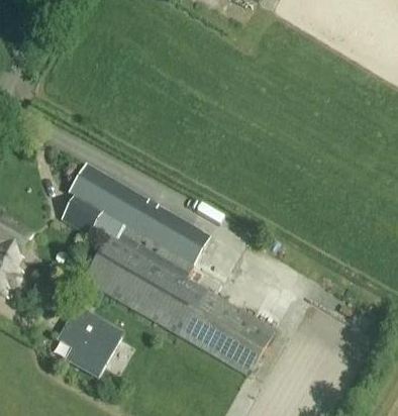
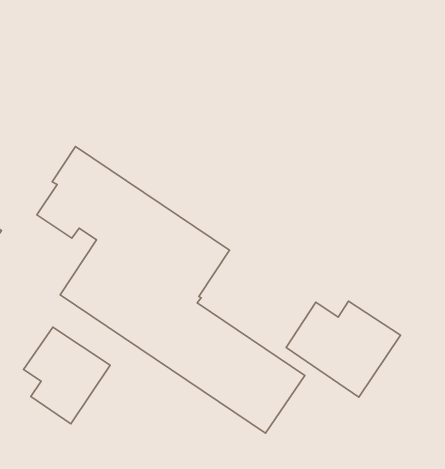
building: none -> [286,301,400,397]

